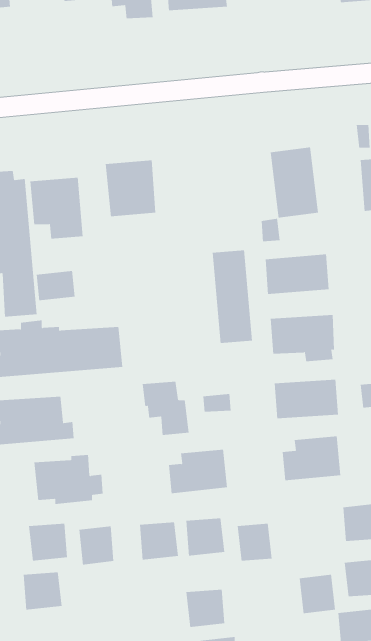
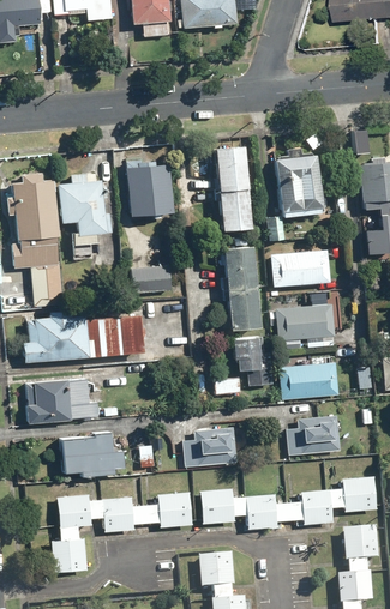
building: none -> [215,146,251,230]
building: [36,270,75,301] -> [132,265,168,293]
building: [142,381,190,435] -> [232,336,275,385]
building: [299,574,336,614] -> [300,488,334,524]

